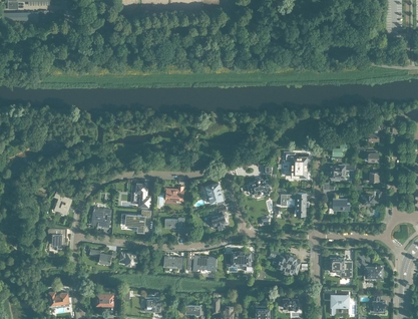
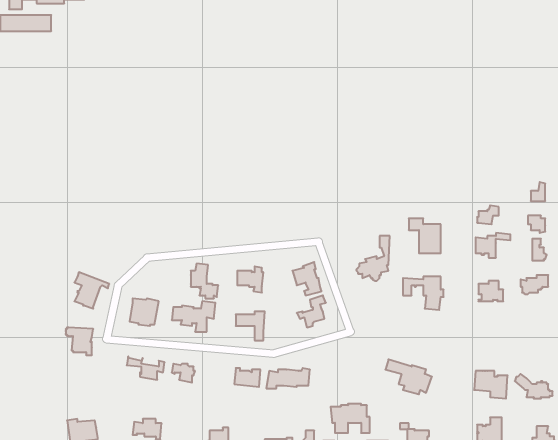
building: [225,252,252,272] -> [331,404,370,433]

